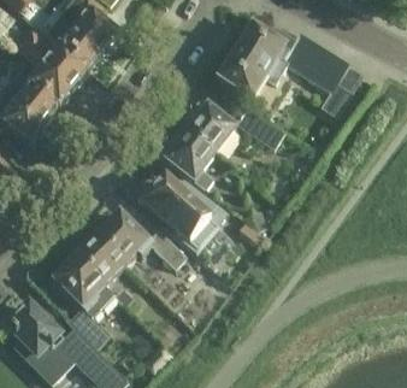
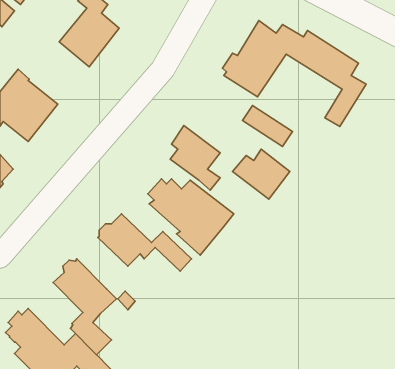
building: [18,30,89,107] -> none
building: [179,105,235,153] -> [233,149,290,199]
building: [76,235,125,284] -> none

